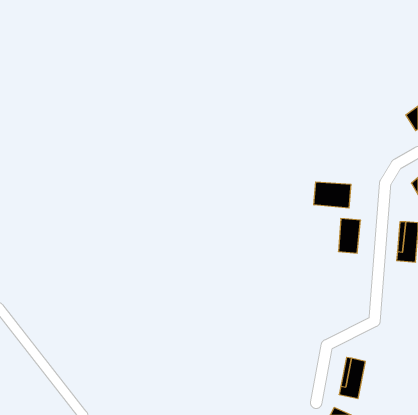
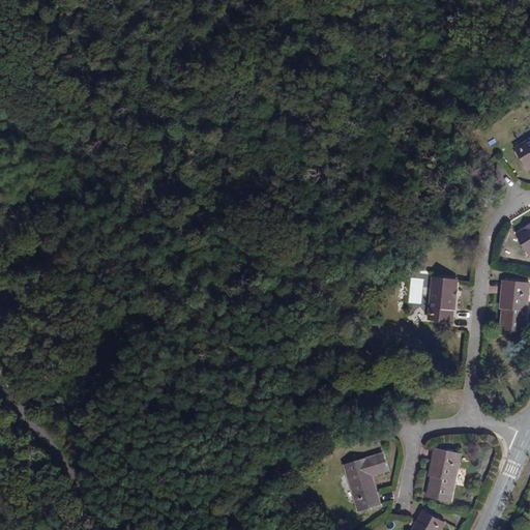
building: [314,182,351,208] -> none
building: none -> [344,454,386,512]

